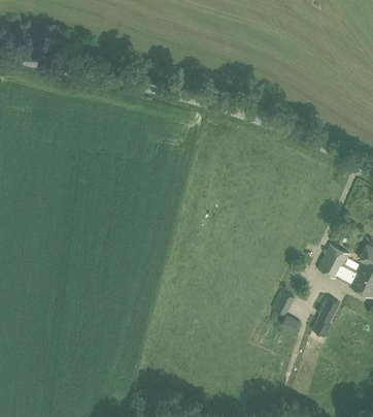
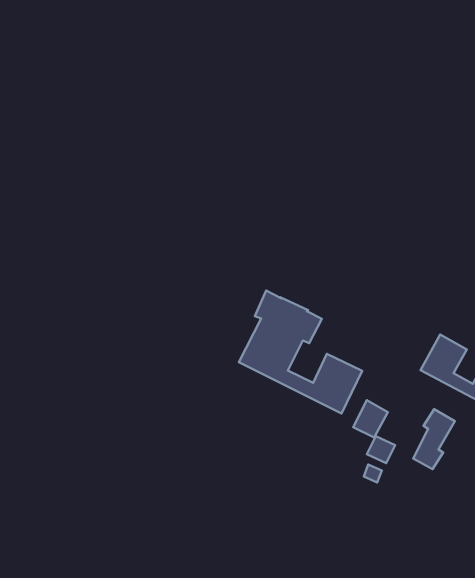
building: none -> [239,291,362,414]

